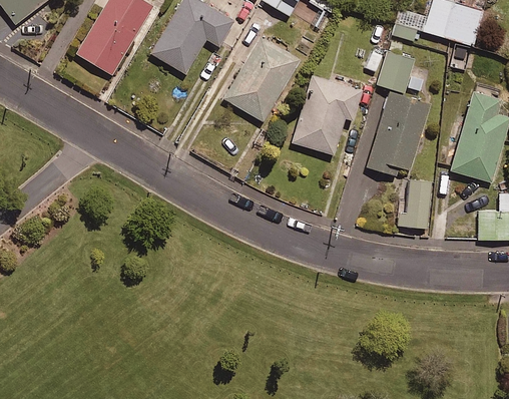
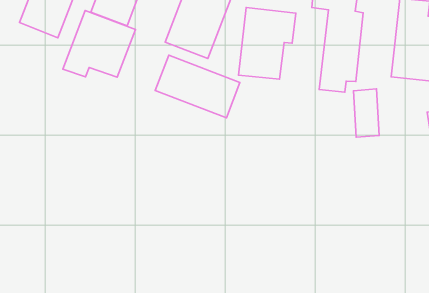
building: none -> [63,10,136,77]
building: none -> [155,55,240,118]

